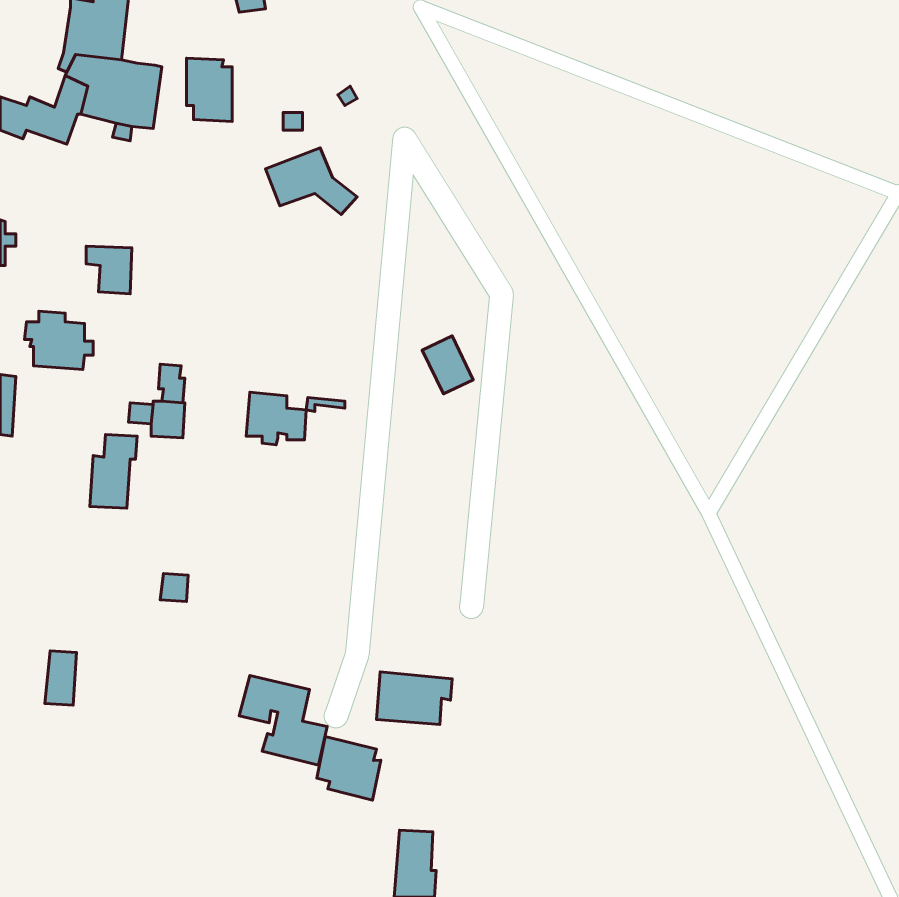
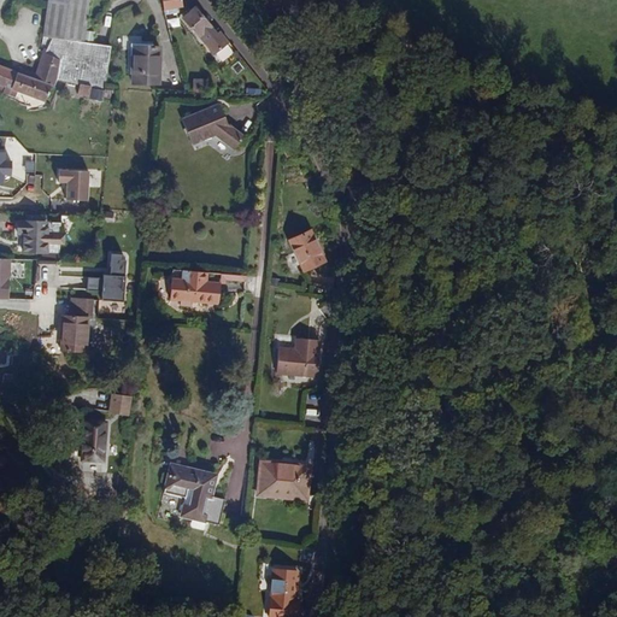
building: none -> [182,6,228,54]
building: none -> [277,337,319,376]
building: [45,651,77,705] -> [83,421,105,458]
building: [317,737,381,800] -> none

